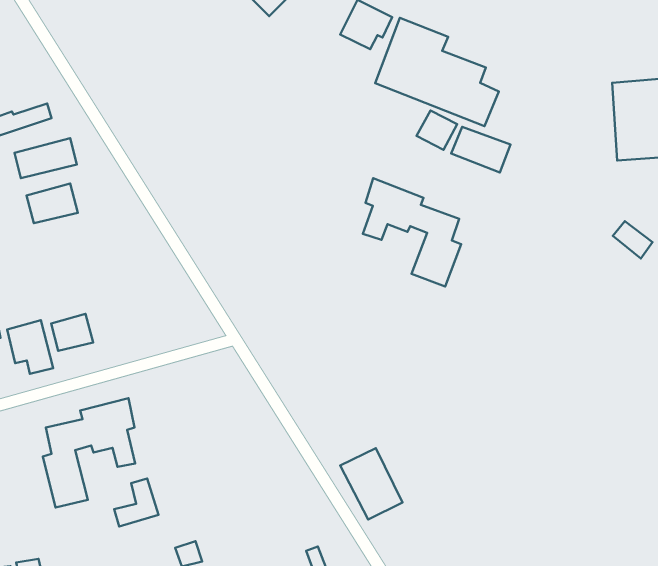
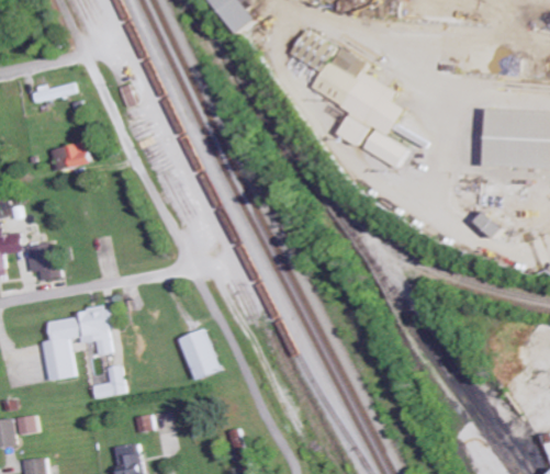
building: [15,138,77,178] -> none
building: [363,178,461,286] -> none
building: [51,314,93,351] -> none
building: [340,448,403,520] -> [176,328,218,380]

